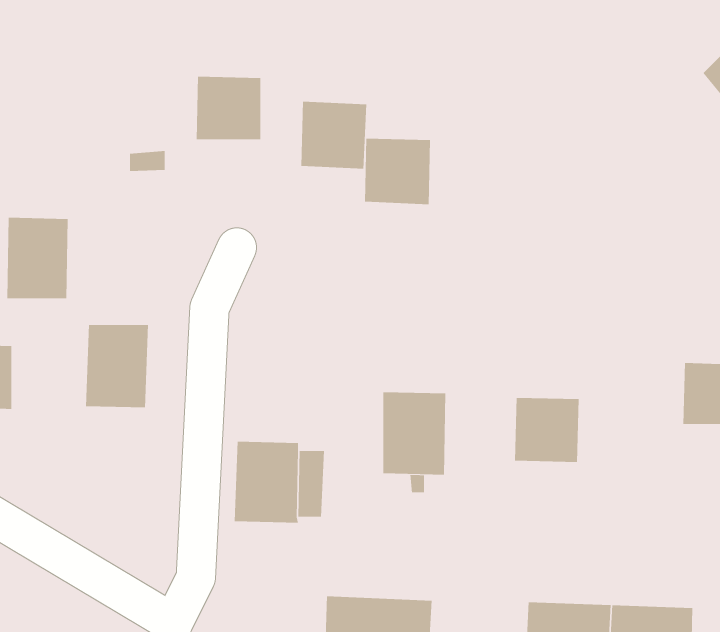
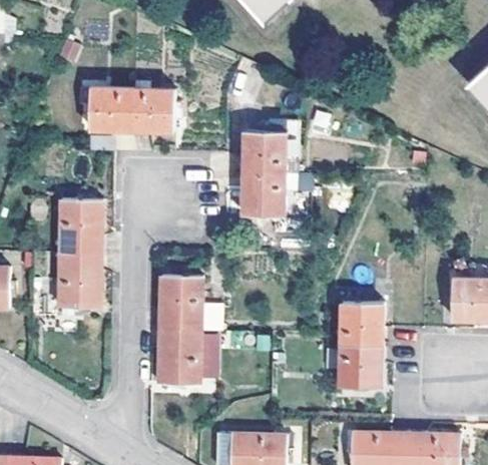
building: none -> [88,87,132,129]
building: [301,101,367,169] -> [241,170,286,215]
building: [6,217,69,299] -> [60,197,101,252]
building: [383,392,446,475] -> [158,275,200,330]
building: none -> [340,342,384,385]

